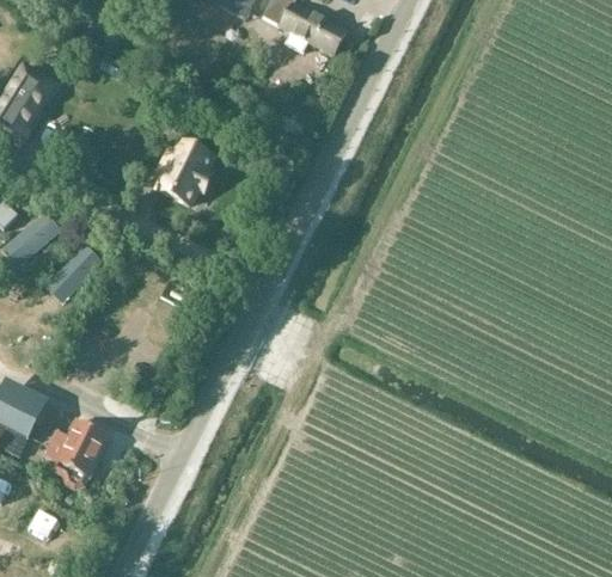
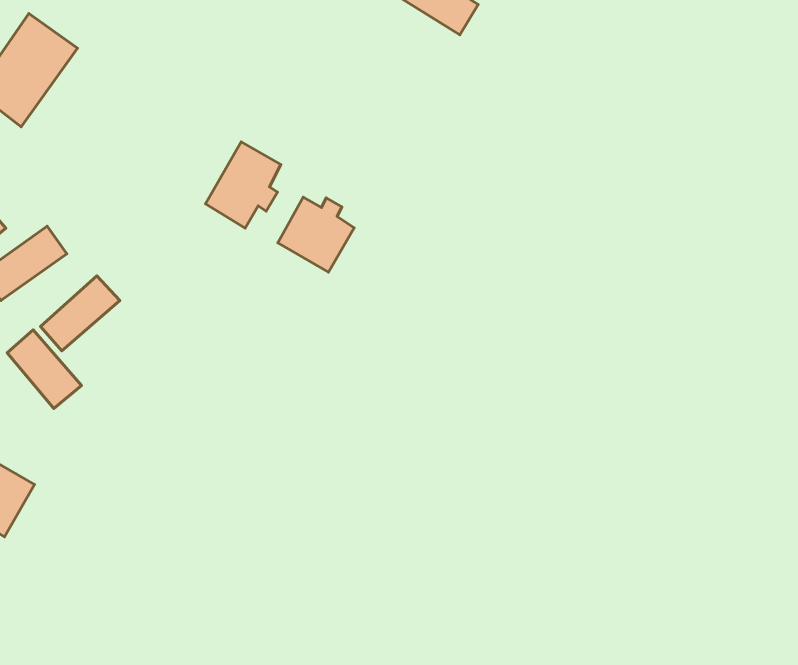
building: none -> [278,197,354,272]
building: none -> [7,330,82,408]
building: [44,417,109,487] -> none

